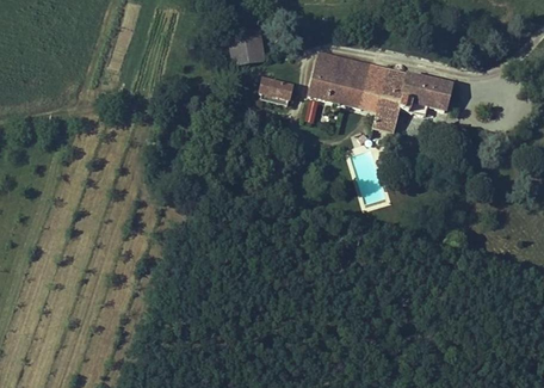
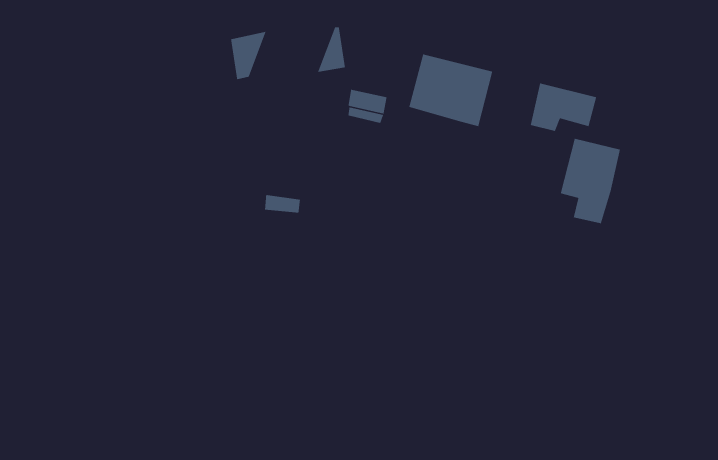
building: [227,31,254,68] -> [230,31,267,80]
building: [361,64,407,129] -> [560,138,621,224]

